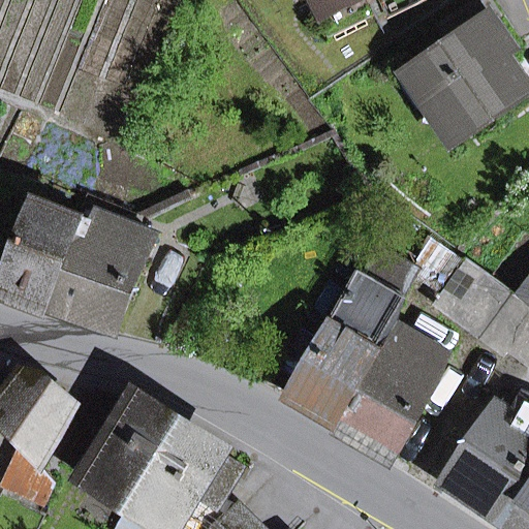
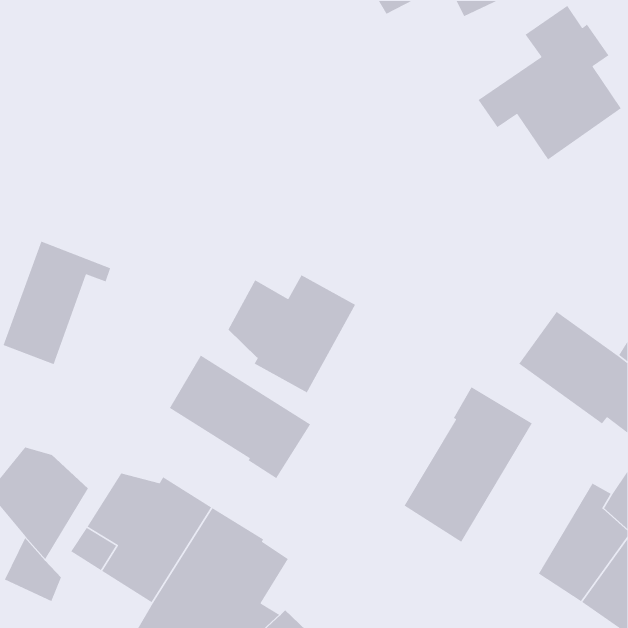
building: [45,216,154,334] -> none
building: none -> [227,274,356,393]
building: [290,279,403,426] -> none
building: none -> [169,355,311,479]

